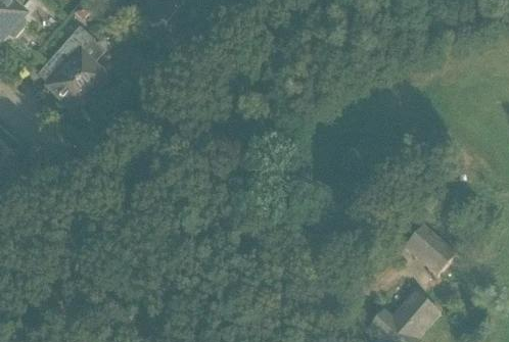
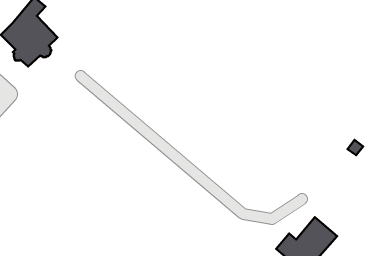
building: [404,223,457,274] -> none

